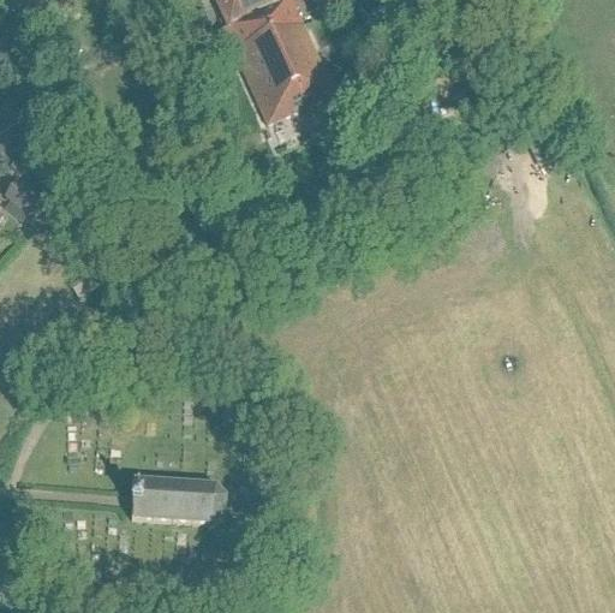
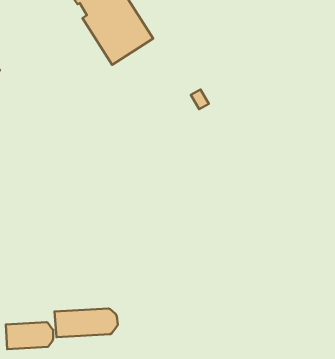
building: none -> [6,322,53,349]

